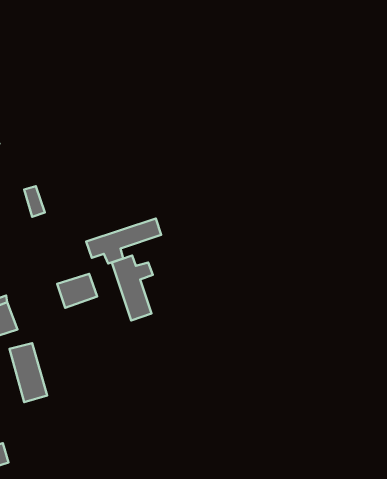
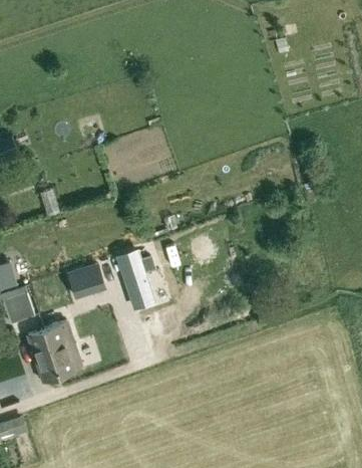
building: [86,218,161,263] -> none
building: none -> [47,321,79,374]

